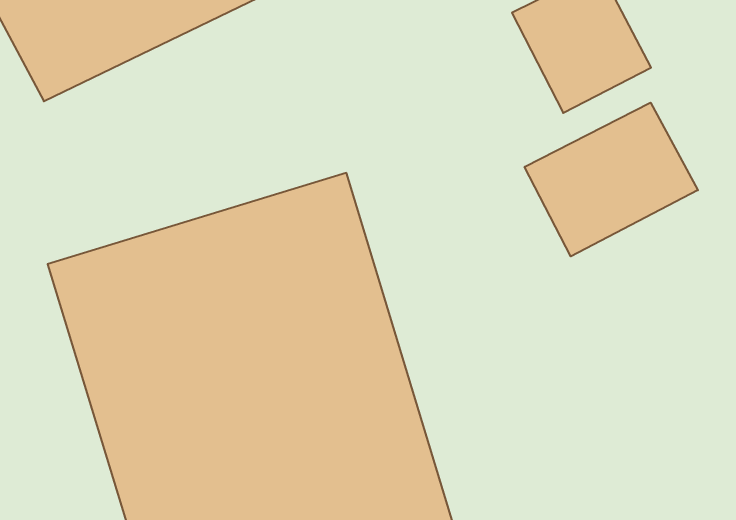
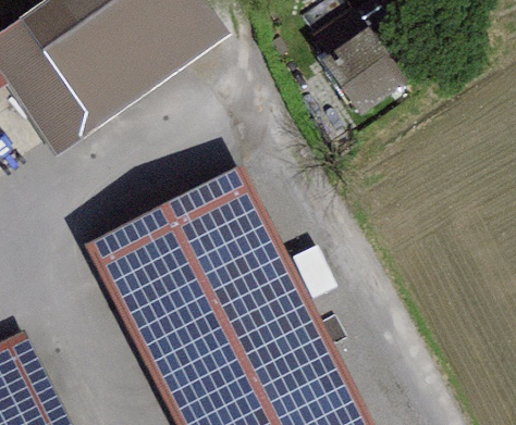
building: [525,103,698,256] -> none

